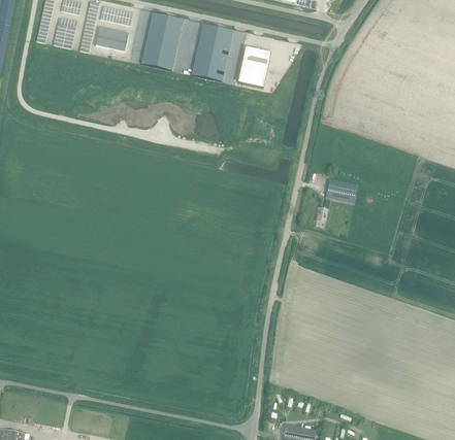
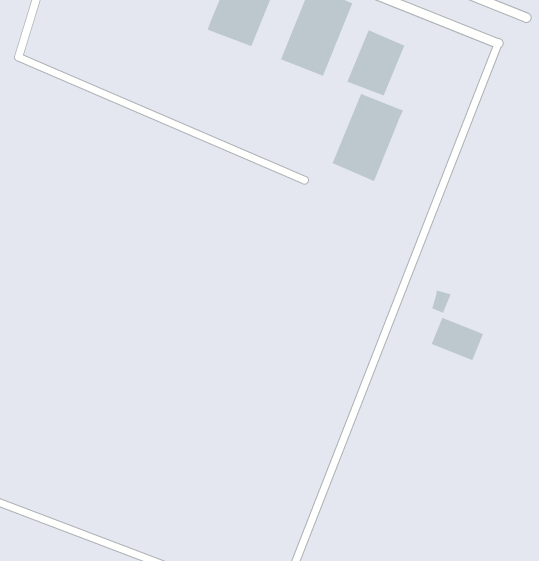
building: none -> [332,93,404,182]
building: [324,177,357,202] -> [431,317,484,361]

